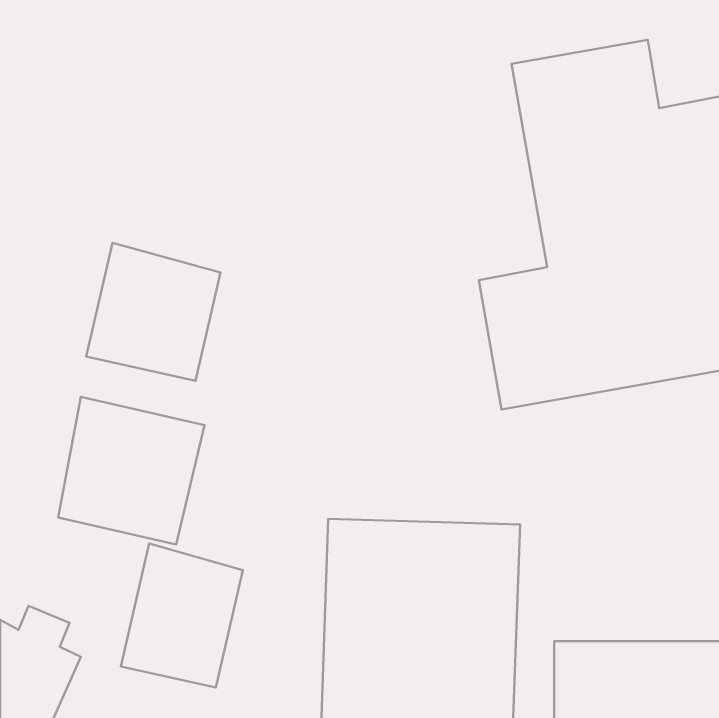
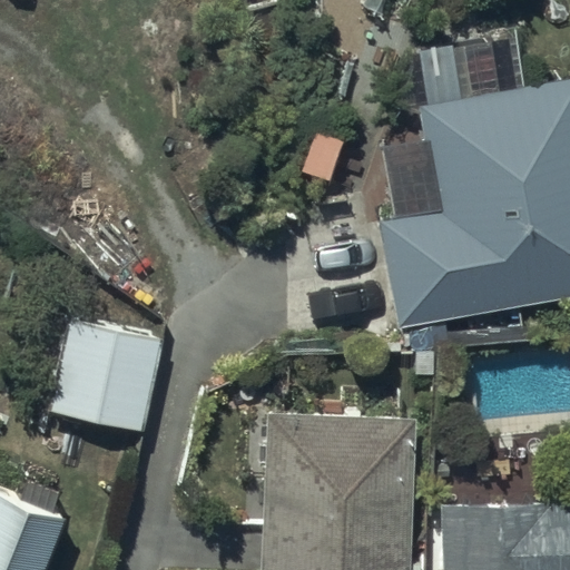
building: [86,243,220,381] -> none
building: [121,544,243,687] -> none

